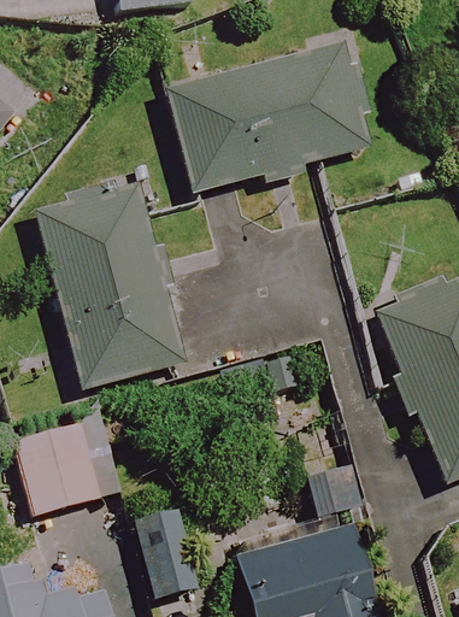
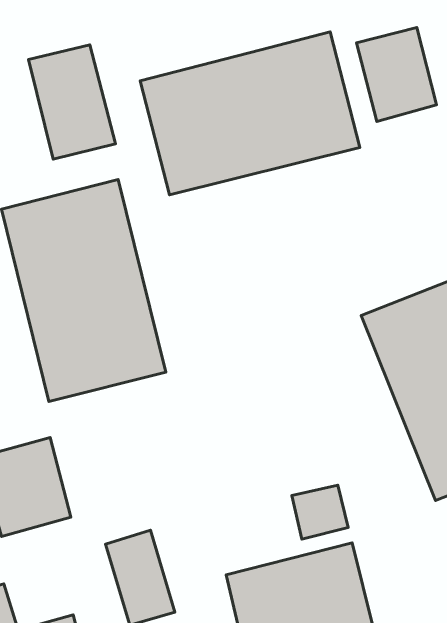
building: none -> [357,27,436,122]
building: none -> [29,45,115,159]

